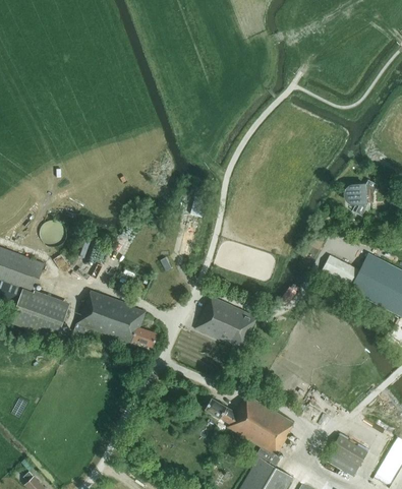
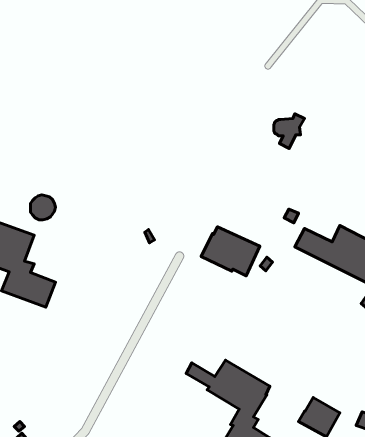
building: [345,180,378,217] -> [274,114,304,148]
building: [73,291,157,348] -> none
building: [194,297,256,349] -> [201,227,260,276]

